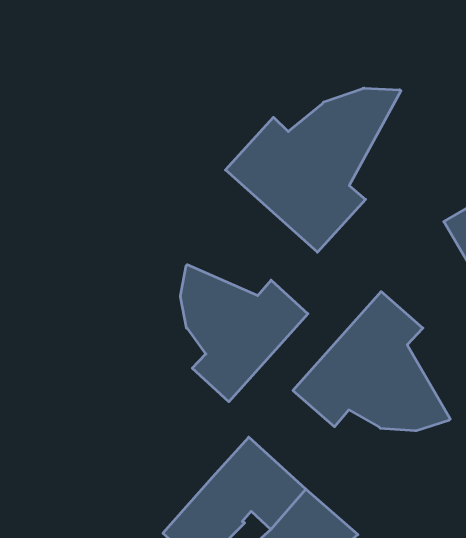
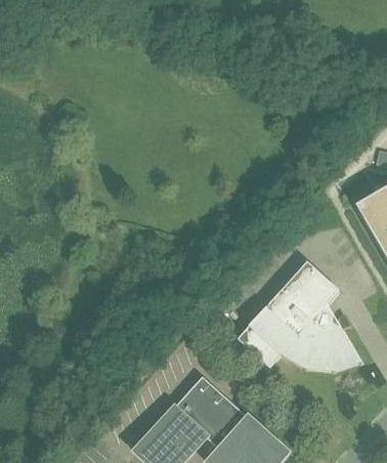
building: [225,88,401,252] -> none
building: [180,265,308,402] -> none

